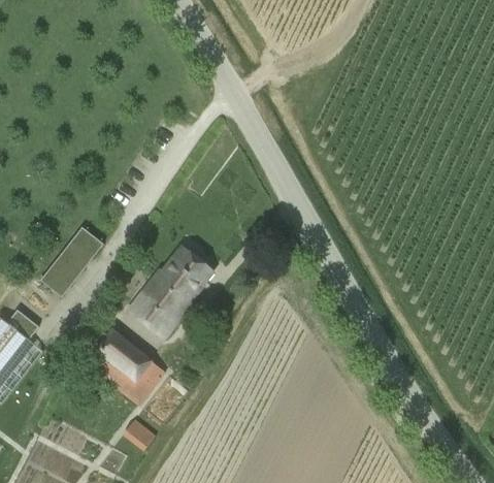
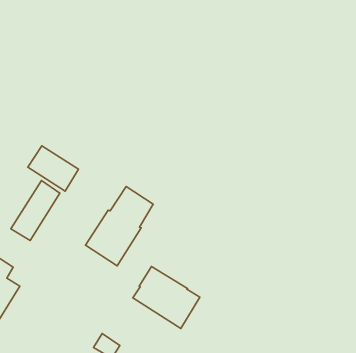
building: none -> [28,146,79,191]
building: [85,327,165,406] -> [133,267,200,329]

